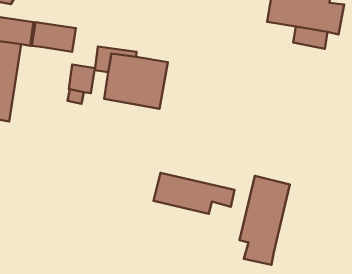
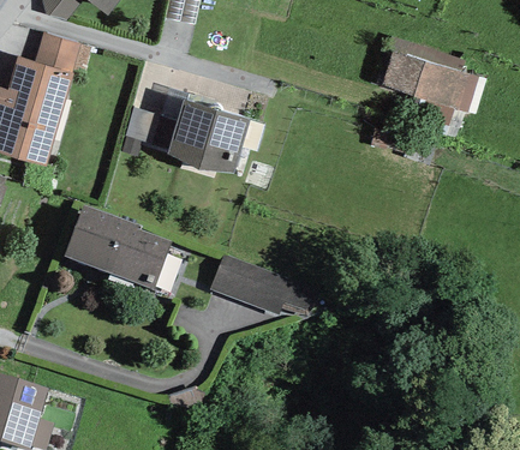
building: [32,22,76,52] -> none
building: none -> [62,204,171,289]
building: [239,176,290,265] -> none

